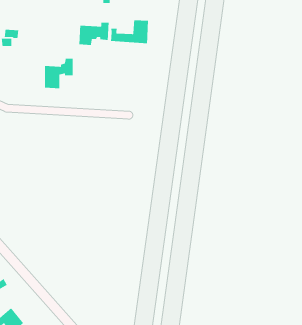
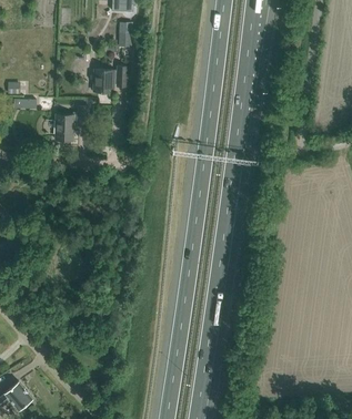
building: [110,19,149,44] -> none

